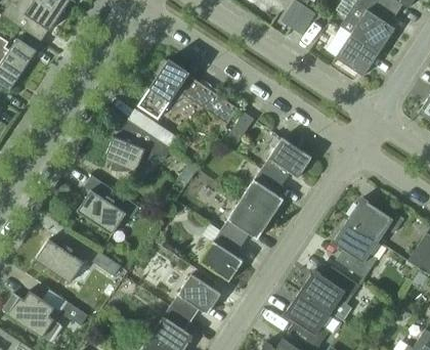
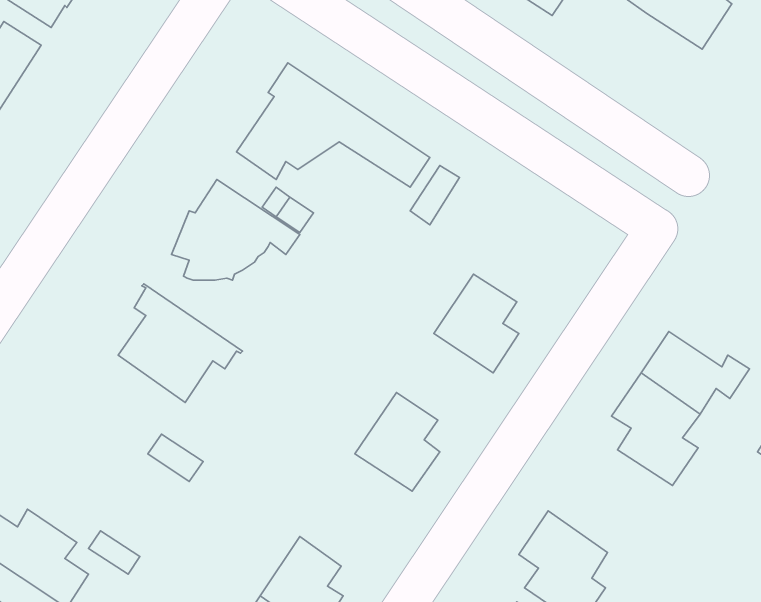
building: [335,34,379,77] -> none
building: [260,137,311,183] -> none
building: [220,200,270,245] -> none
building: [35,237,83,283] -> none
building: [299,267,358,320] -> none
building: [170,274,220,320] -> none

